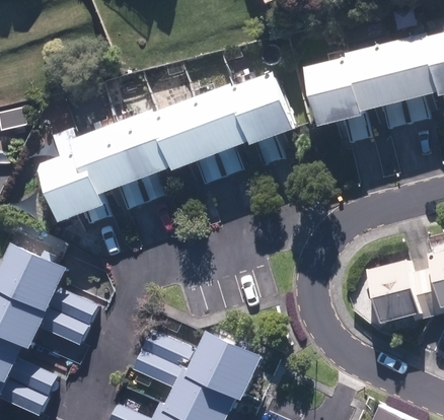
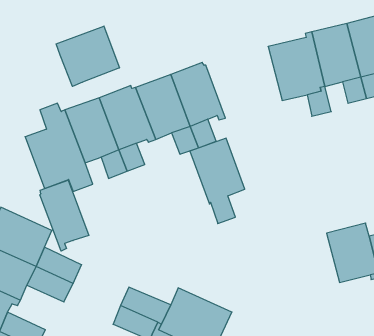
building: none -> [56,26,119,86]
building: [233,72,293,165] -> [190,138,245,224]
building: none -> [40,180,89,251]

